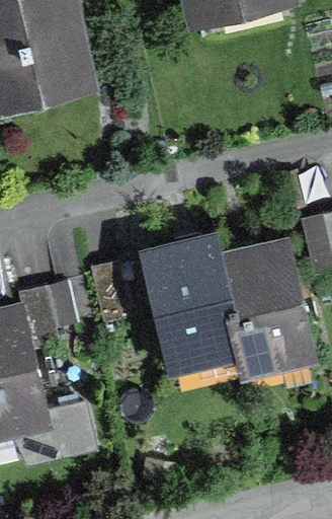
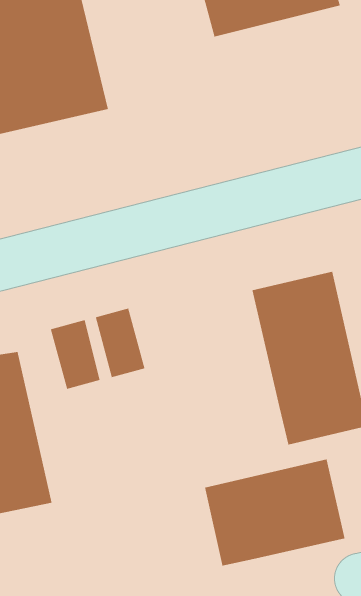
building: [137,228,243,370] -> none
building: none -> [204,459,345,567]

